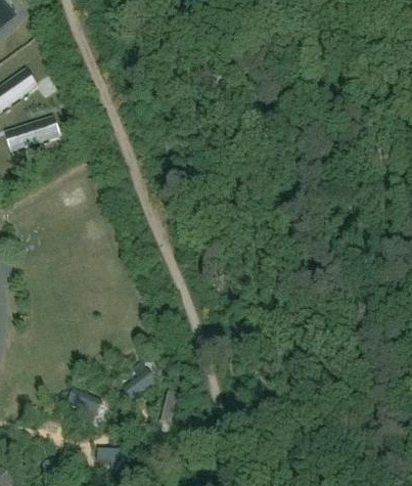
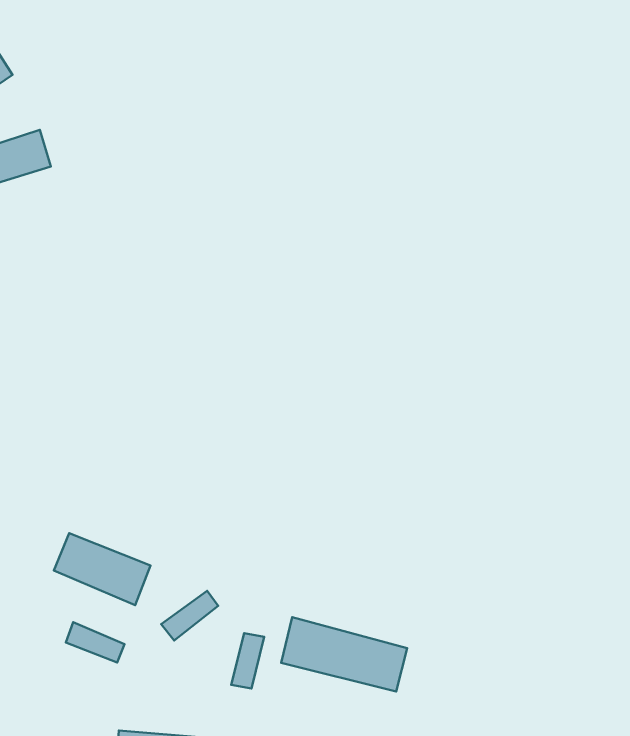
building: none -> [54,533,151,605]
building: none -> [281,617,407,691]

